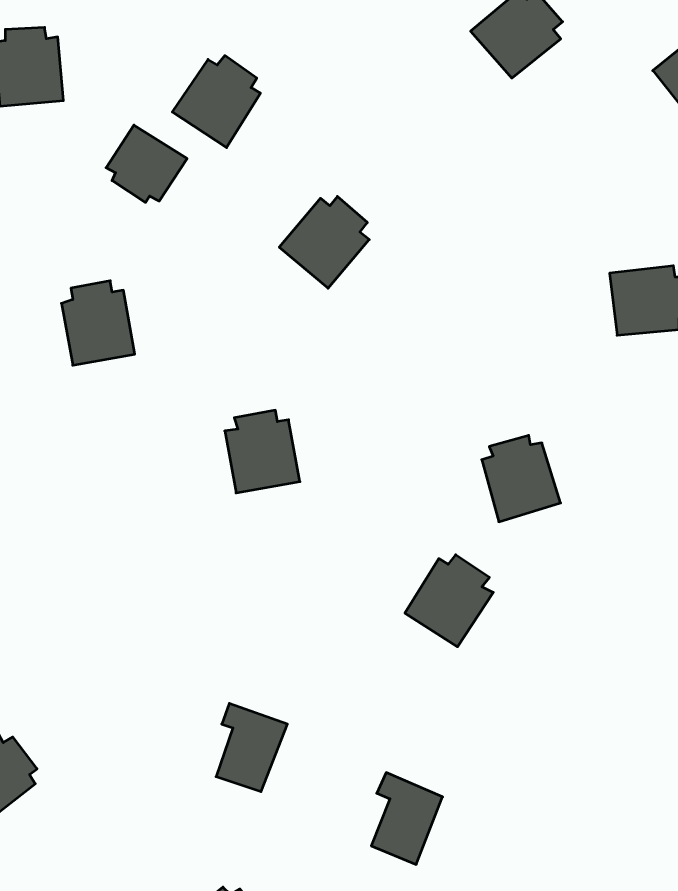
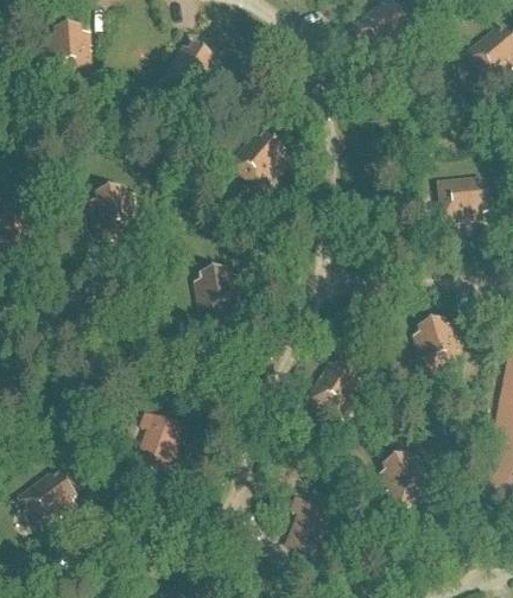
building: [106,125,187,202] -> none
building: [482,435,561,522] -> [413,316,463,370]
building: none -> [379,450,431,505]
building: [216,703,287,792] -> [137,409,182,465]

